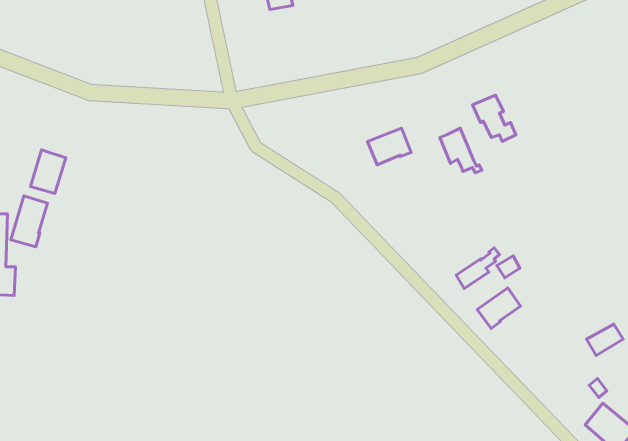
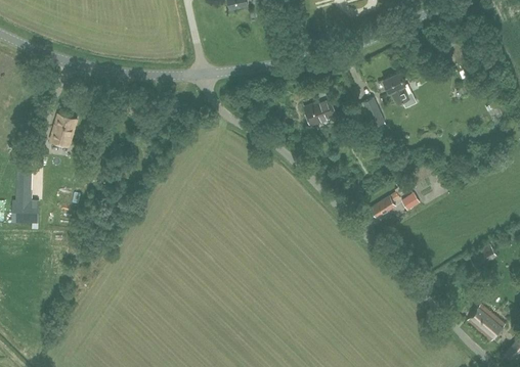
building: [11,196,47,247] -> none
building: [477,288,521,329] -> none

